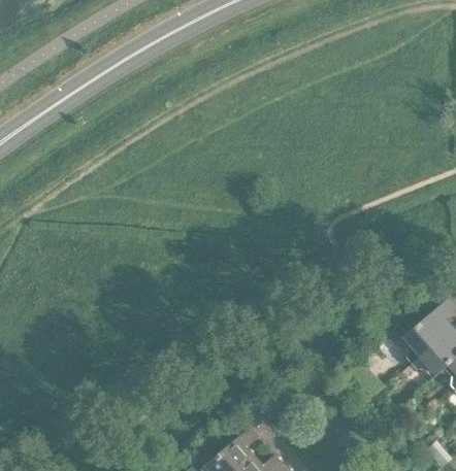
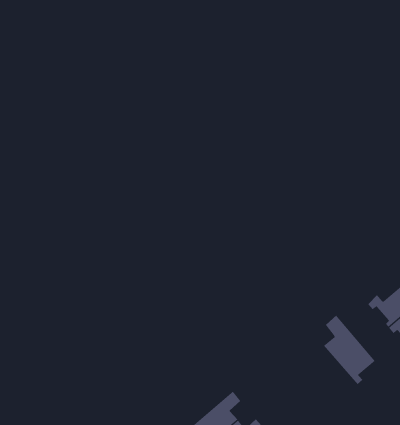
building: none -> [323,315,375,385]

